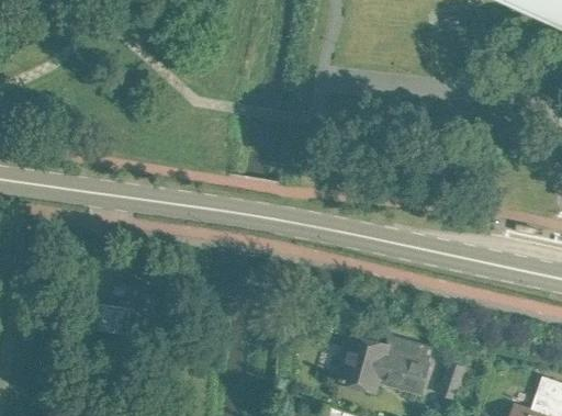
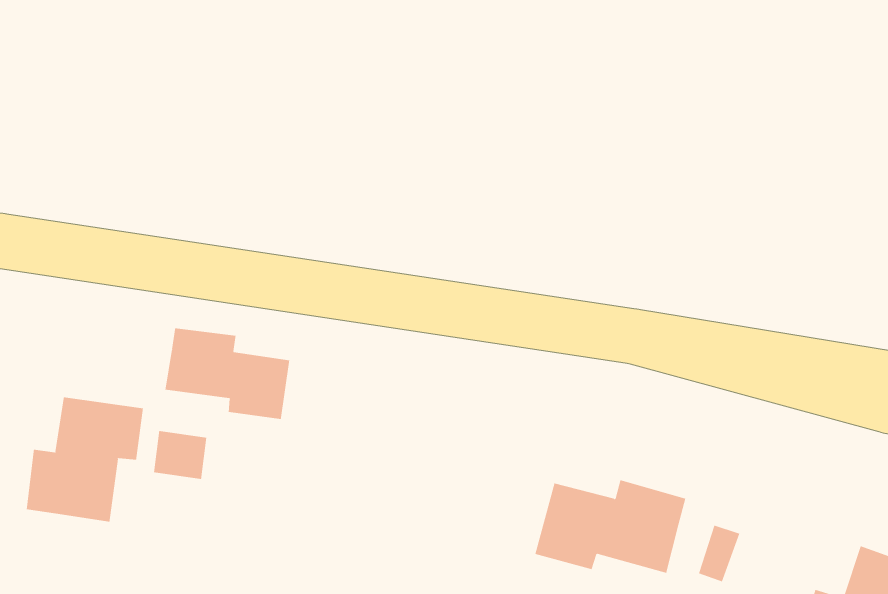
building: none -> [165,328,290,420]
building: none -> [26,396,144,523]

